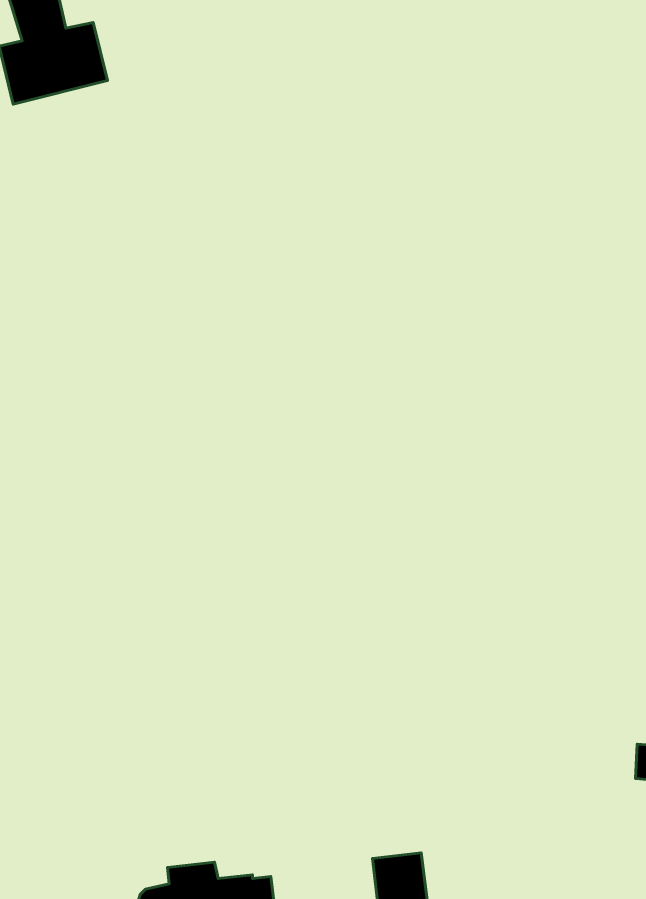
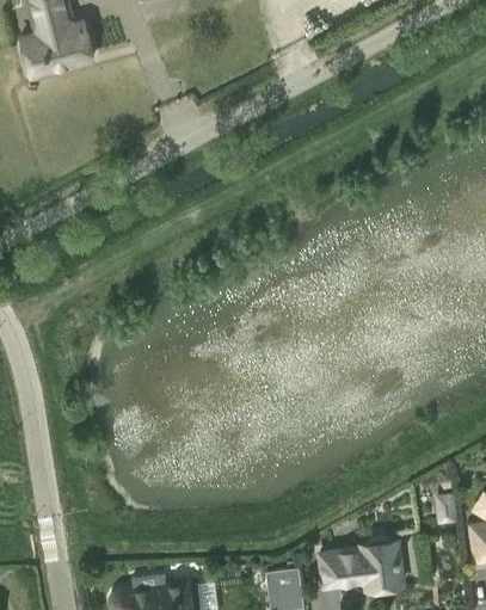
building: none -> [319,537,401,589]

